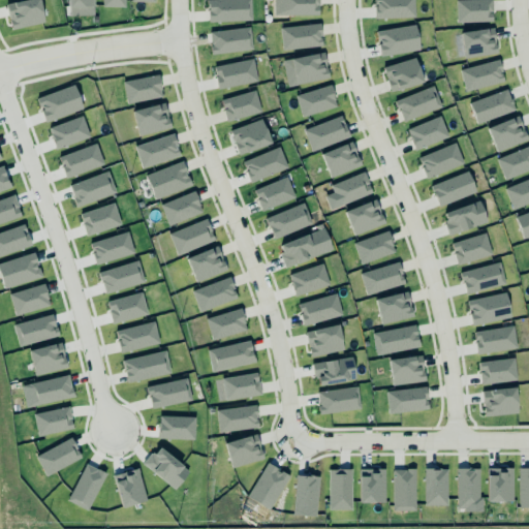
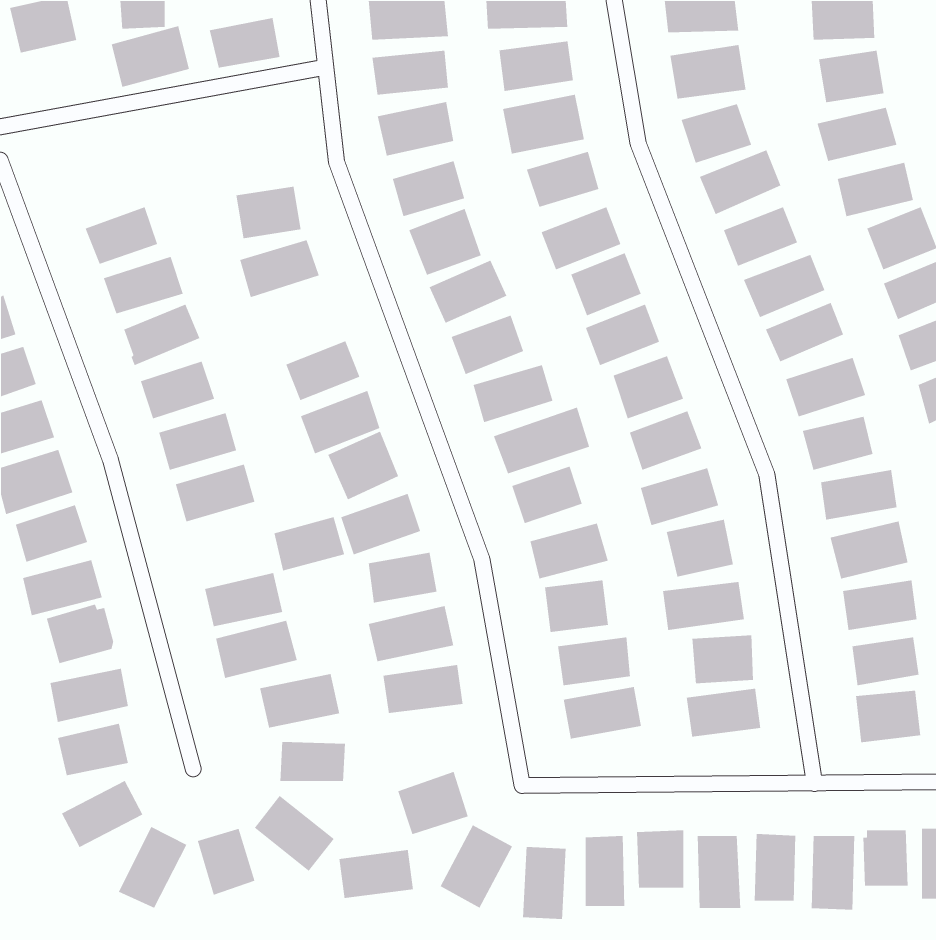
building: [124,74,164,103] -> [209,17,281,69]
building: [39,86,84,121] -> [111,25,190,88]
building: [147,161,193,199] -> none
building: [108,292,149,323] -> [273,516,345,571]
building: [218,405,260,433] -> [338,849,414,899]

